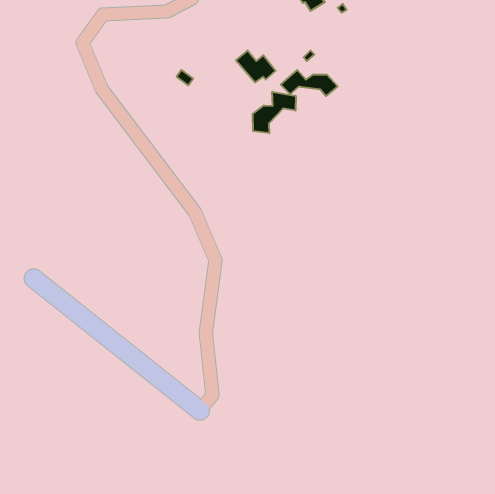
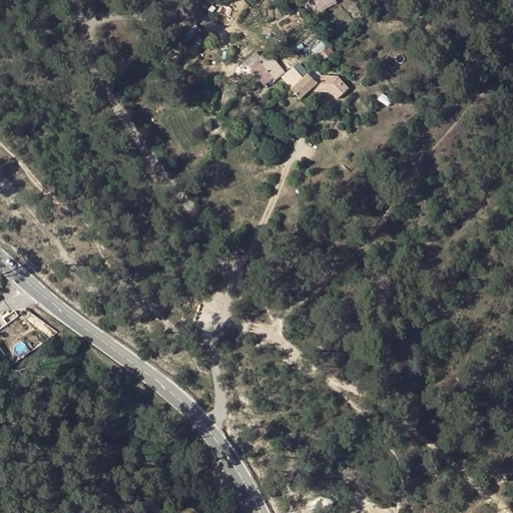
building: [253,92,296,133] -> none

